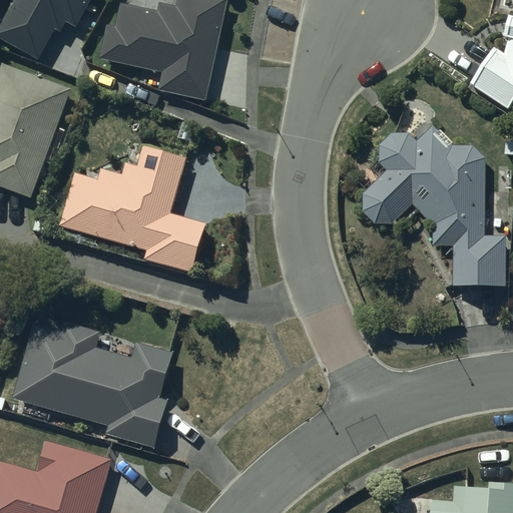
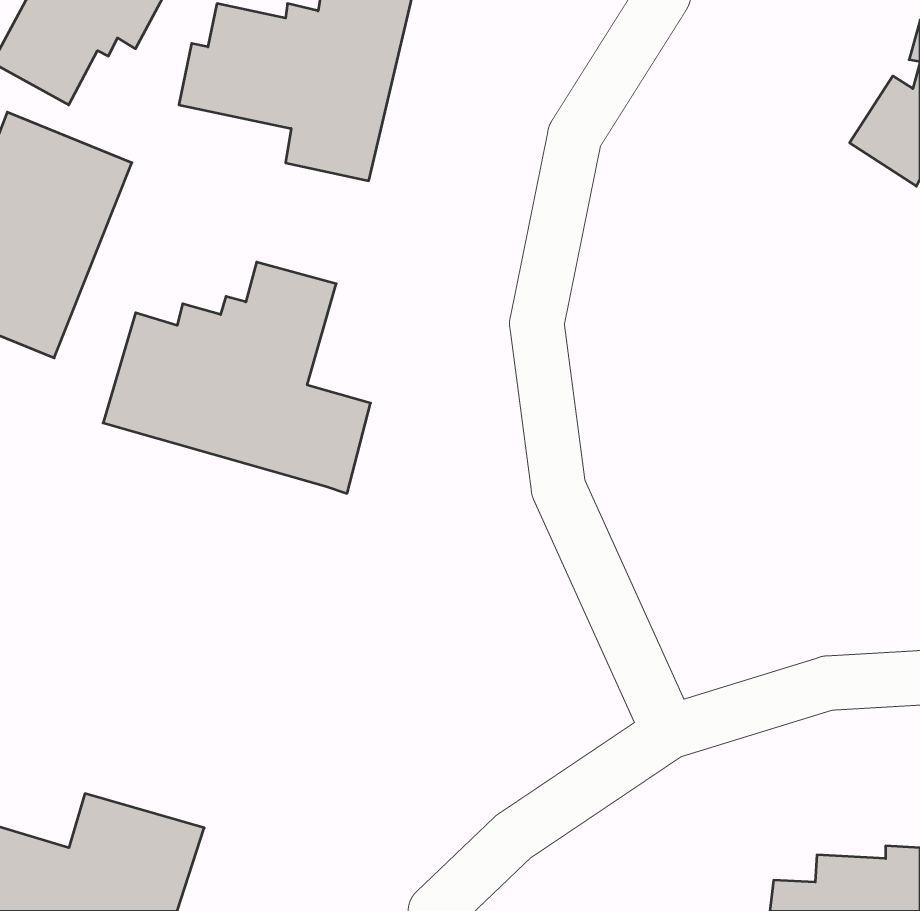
building: [363,126,504,287] -> none
building: [12,323,172,447] -> none

